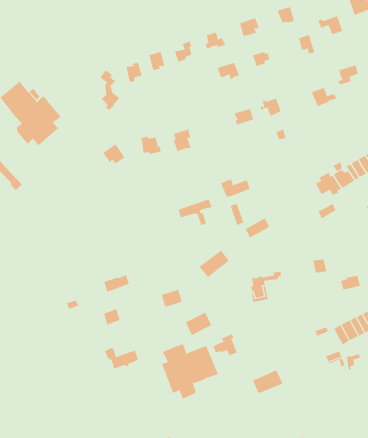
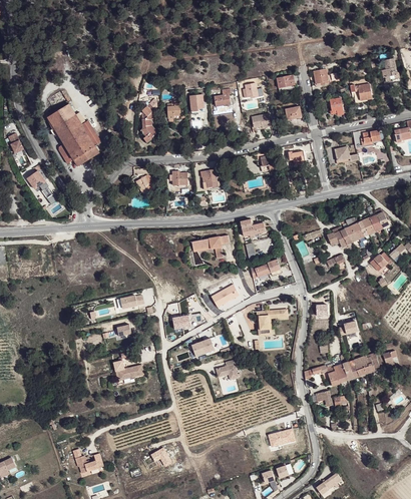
building: [161,343,219,399] -> none
building: [252,369,283,394] -> [267,428,295,448]

